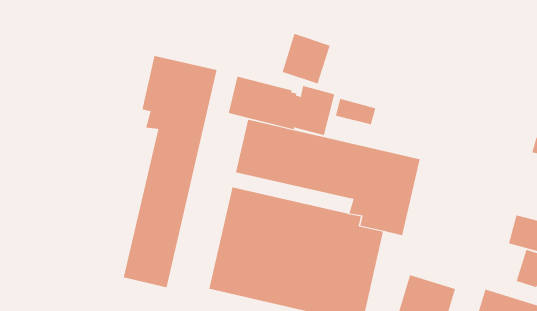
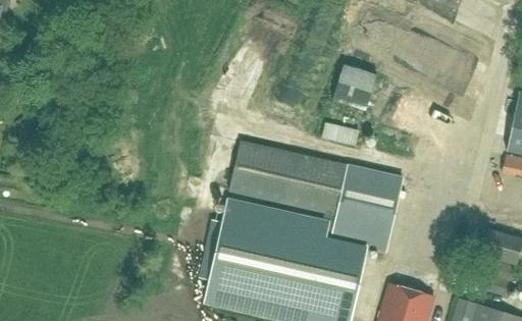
building: [282,33,330,84] -> [332,63,377,110]
building: [123,55,217,288] -> none
building: [228,76,335,136] -> none

